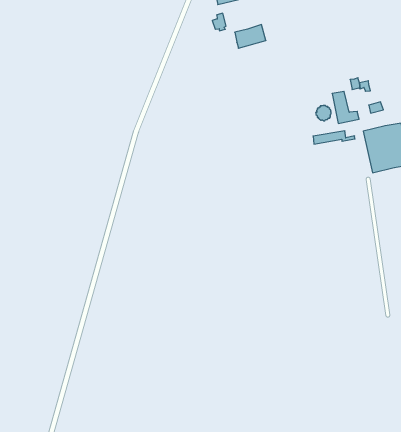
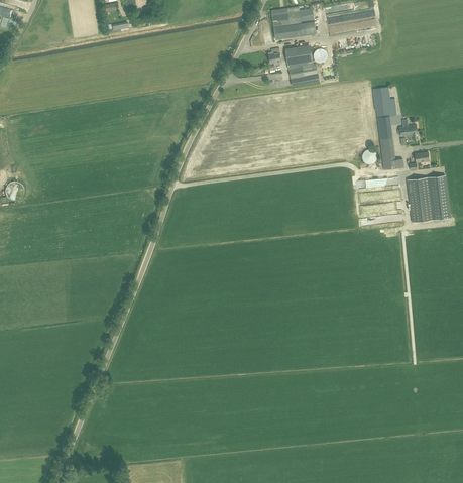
building: none -> [284,43,313,65]
building: none -> [371,86,396,138]

